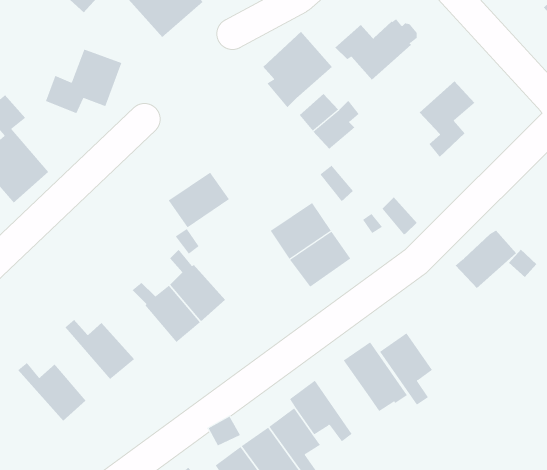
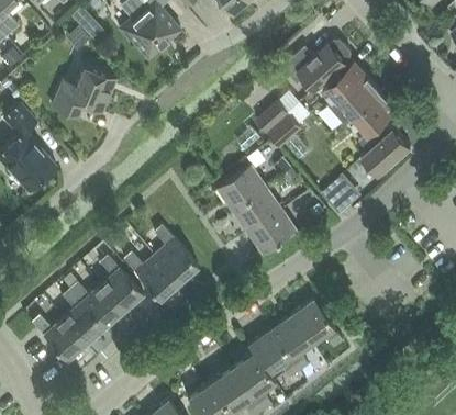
building: [262,31,333,108] -> [323,64,379,125]
building: [168,172,230,228] -> [216,167,266,212]
building: [455,230,517,289] -> [360,131,410,178]
building: none -> [98,256,143,314]
building: none -> [60,289,104,347]
building: [379,332,433,406] -> [268,315,311,373]

